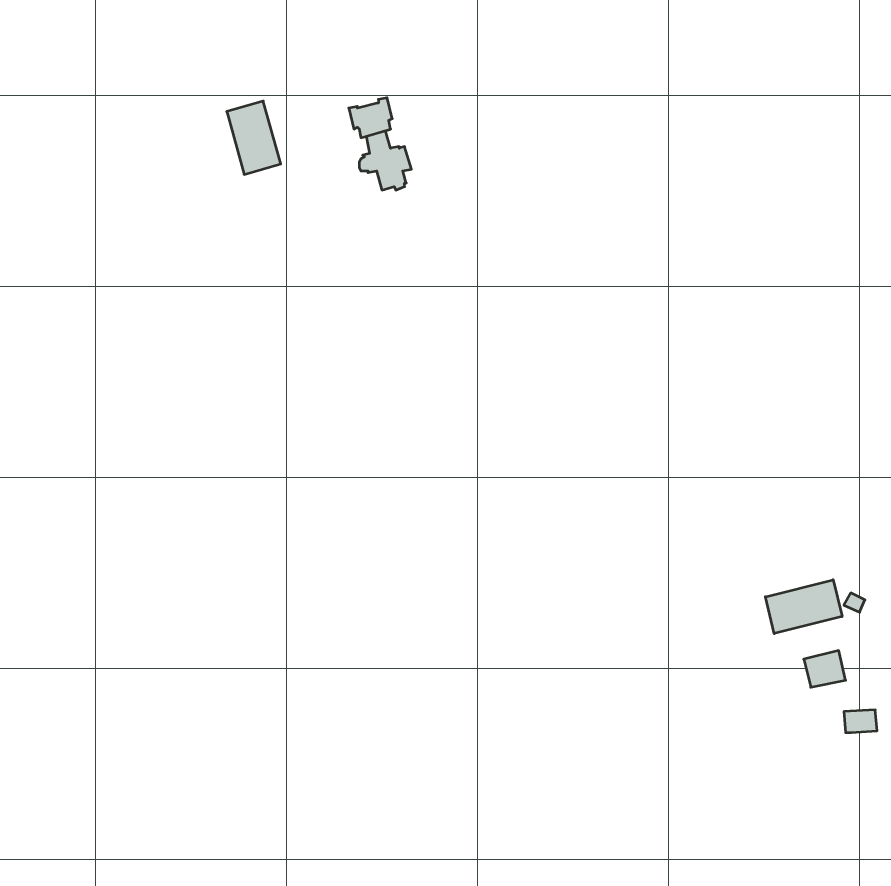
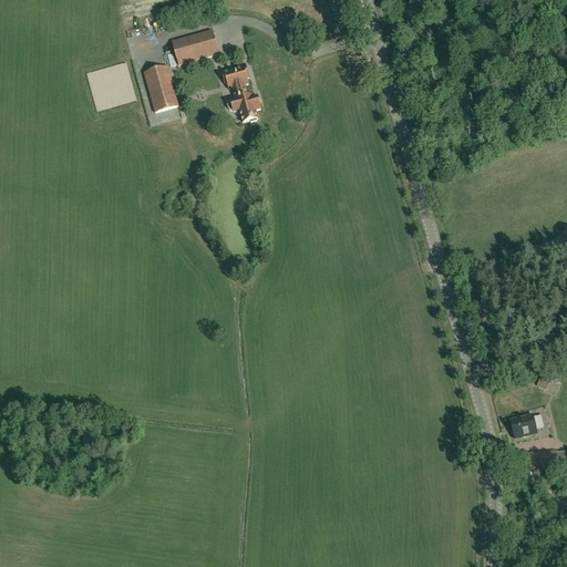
building: none -> [172,29,219,63]
building: [765,580,842,634] -> none

